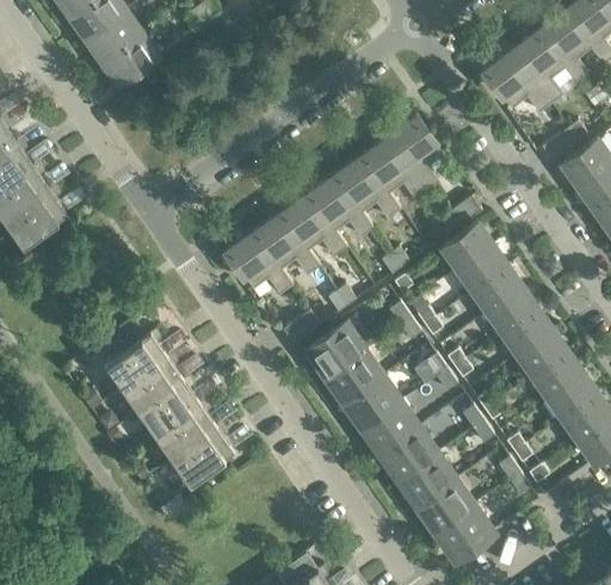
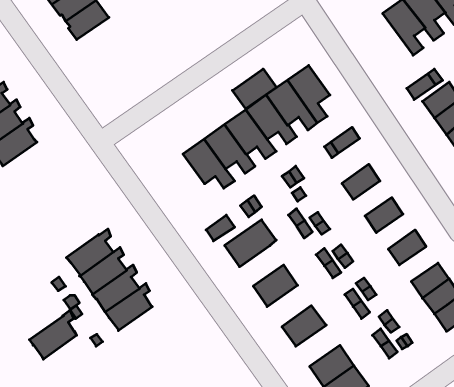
building: [483,50,550,113] -> none
building: none -> [232,69,276,109]
building: [443,223,493,270] -> none
building: [226,232,292,295] -> none
building: [473,266,523,312] -> none
building: [502,309,553,355] -> none
building: [326,350,383,402] -> none
building: [532,351,582,396] -> none
building: [362,401,419,455] -> none
building: [169,421,230,485] -> [29,310,77,359]
building: [399,452,456,506] -> none

